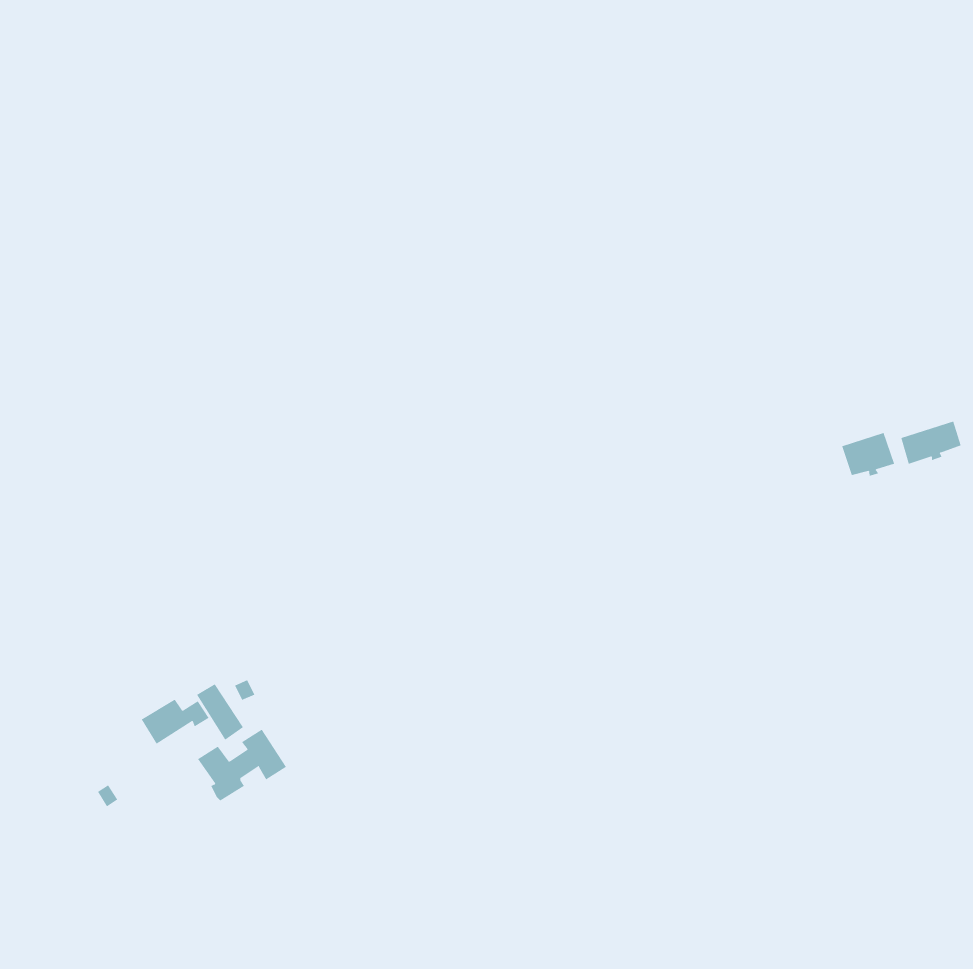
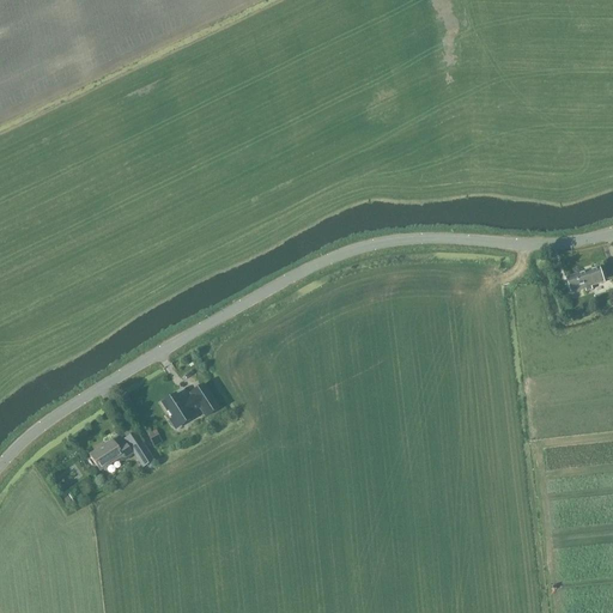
building: [841,432,895,477] -> none
building: [197,729,287,801] -> [160,381,217,426]

